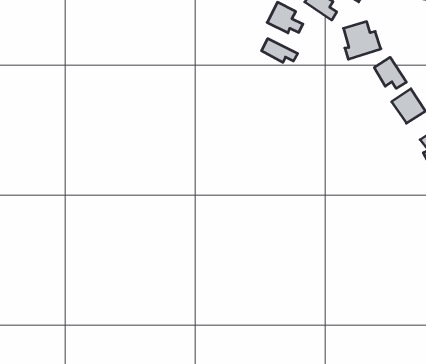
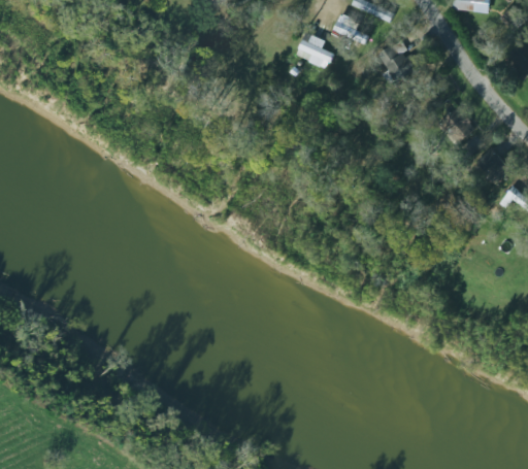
building: [262,39,298,62] -> none
building: [374,57,406,88] -> none

